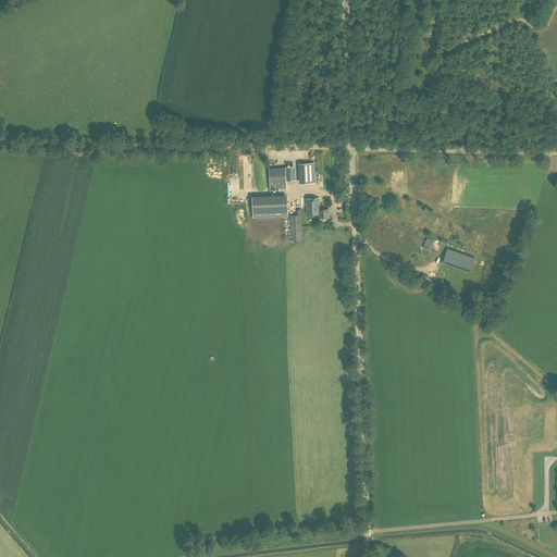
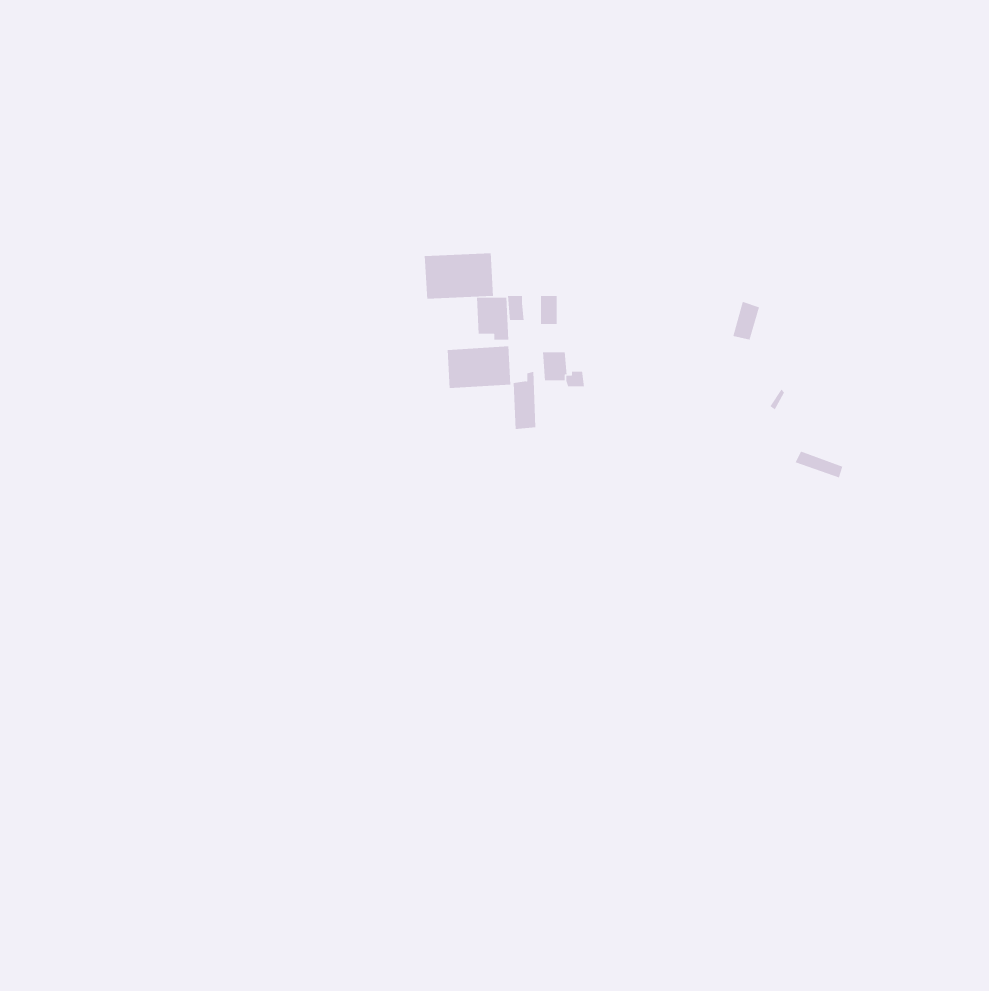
building: none -> [424,252,494,300]

